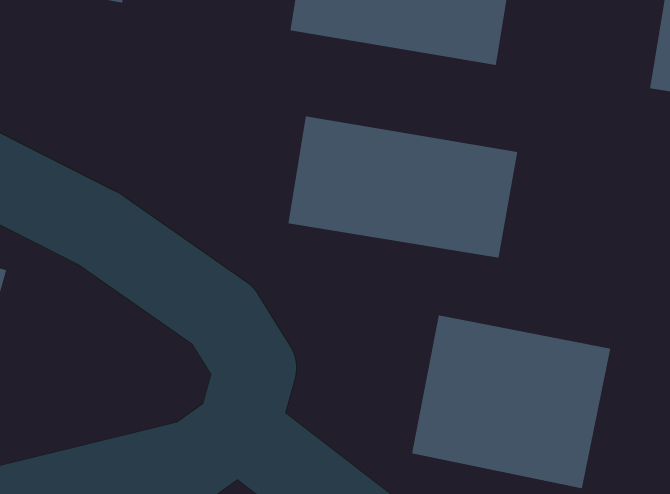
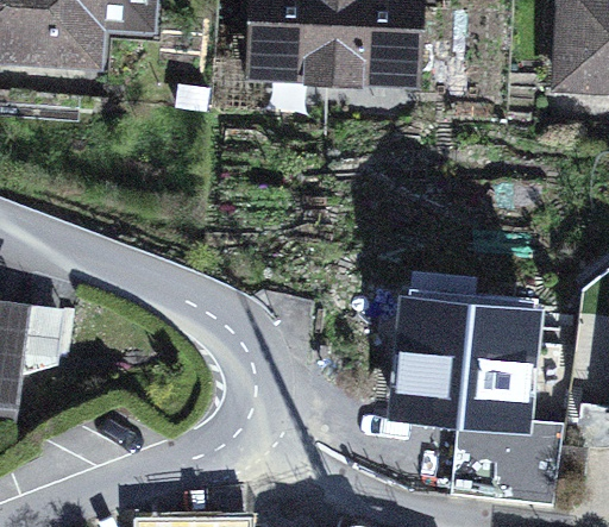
building: [287,116,518,258] -> none

